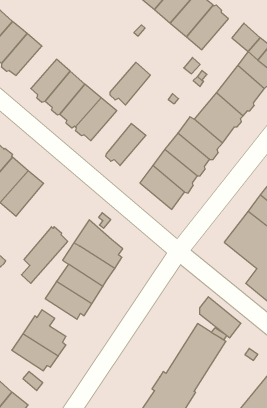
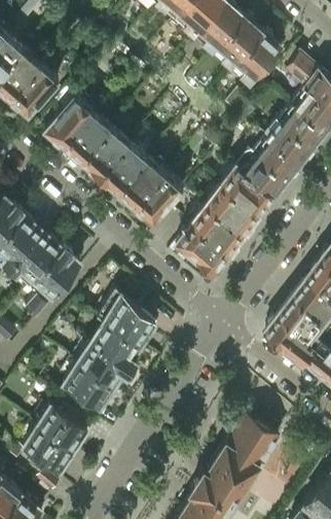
building: [110,62,150,105] -> [118,158,167,209]
building: [21,227,68,283] -> [26,245,81,313]
building: [200,297,241,338] -> [267,315,317,365]

